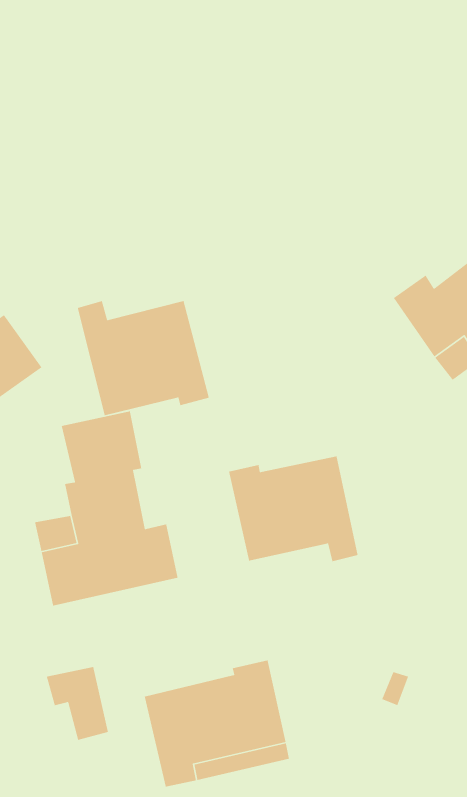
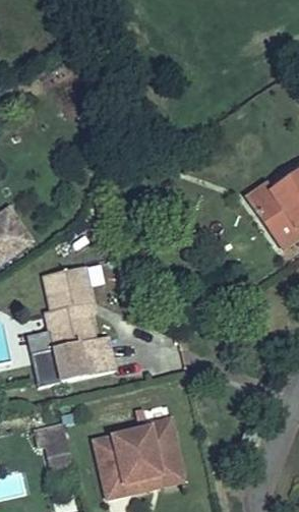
building: [77,300,210,416] -> none
building: [228,455,358,562] -> none

